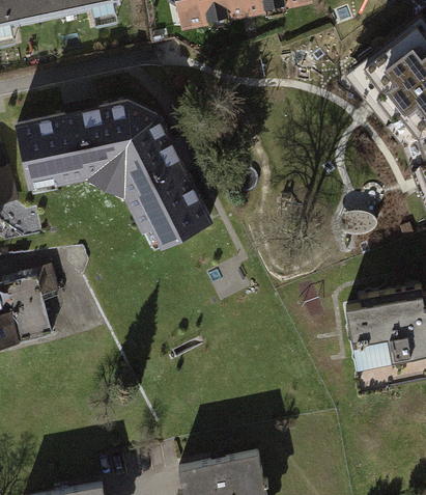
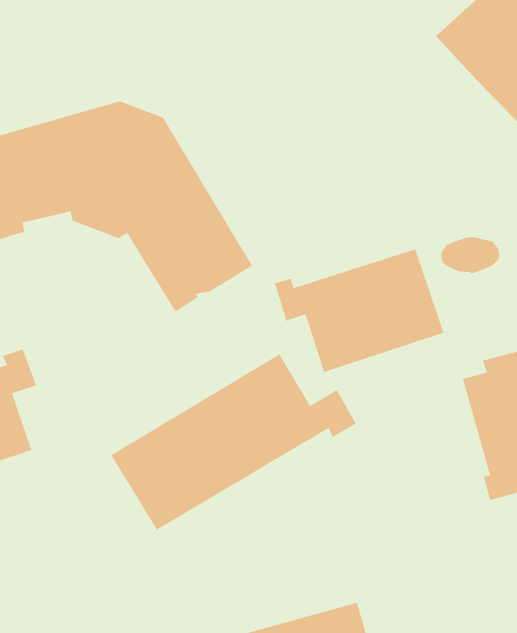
building: none -> [274,248,444,373]
building: none -> [111,353,356,530]

